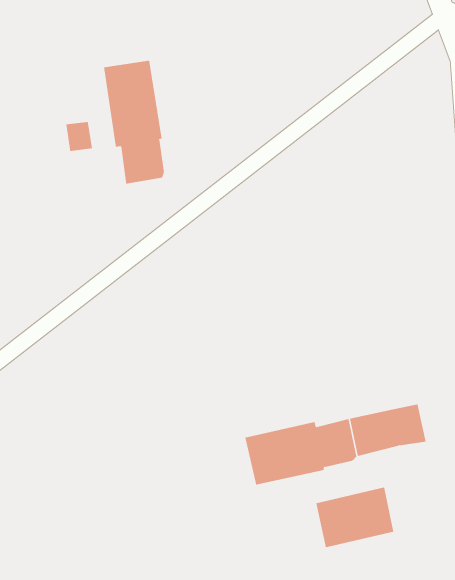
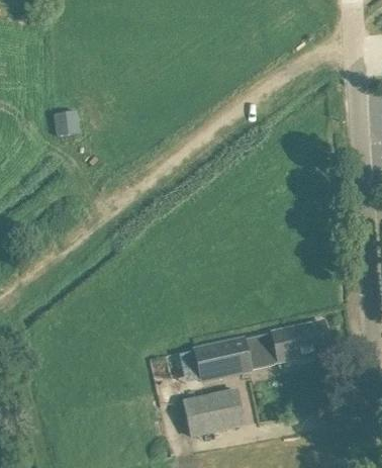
building: [104,60,164,184] -> none
building: [316,487,394,548] -> [184,388,243,434]

